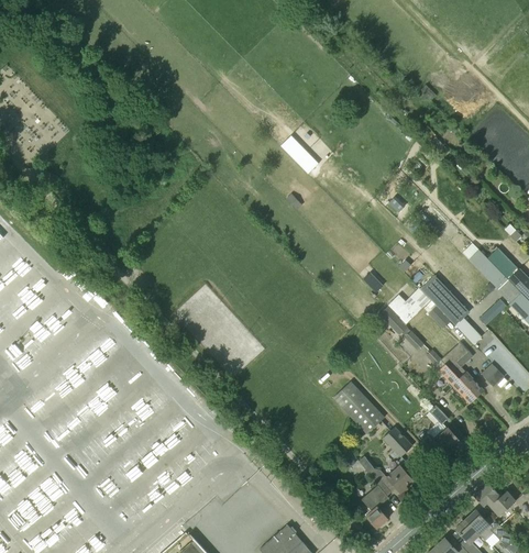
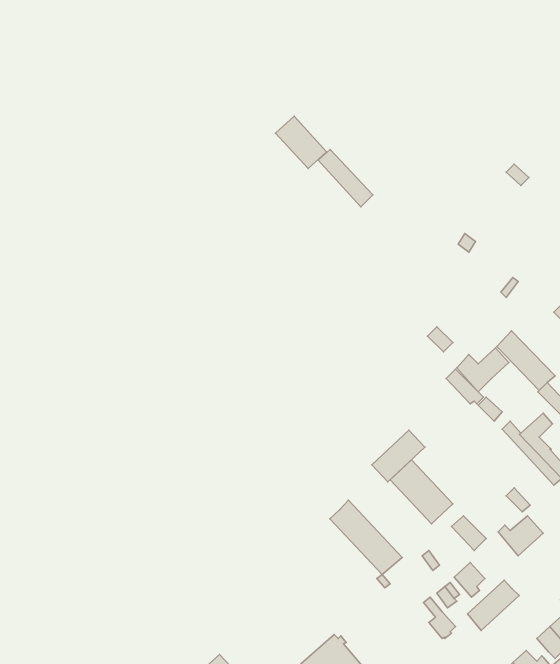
building: none -> [276,116,327,169]
building: none -> [372,430,425,482]
building: none -> [330,500,402,574]
building: none -> [468,580,519,630]

